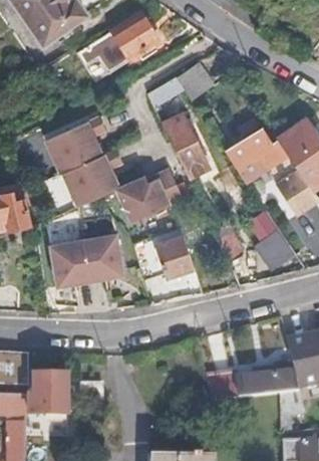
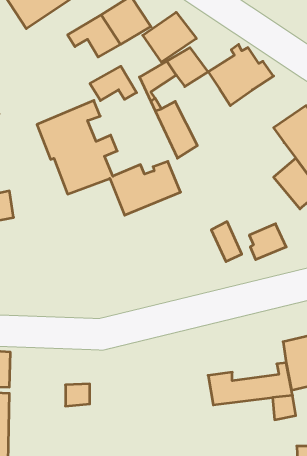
building: none -> [143,12,196,62]
building: none -> [90,66,137,101]
building: [224,123,286,181] -> [208,44,274,106]
building: [52,232,124,281] -> none
building: [153,234,194,275] -> none
building: [28,377,64,416] -> none

